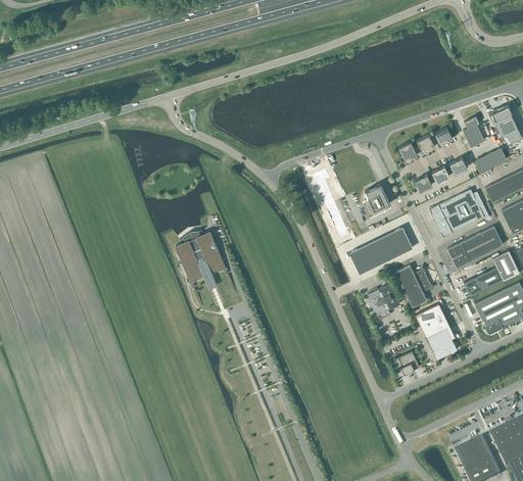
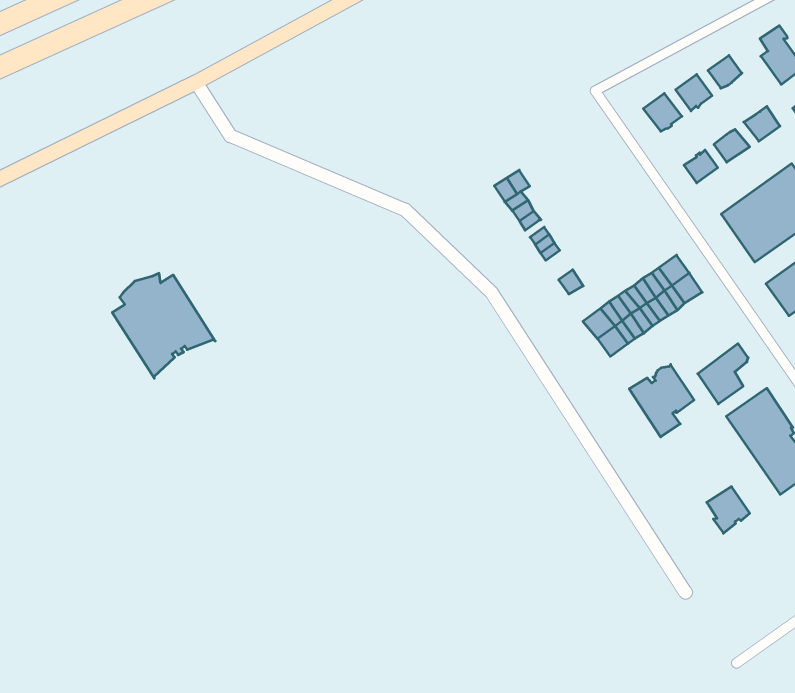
building: [362,184,389,213] -> none
building: [175,230,226,284] -> [112,273,215,378]
building: [394,266,427,290] -> none

